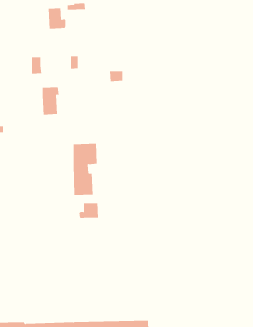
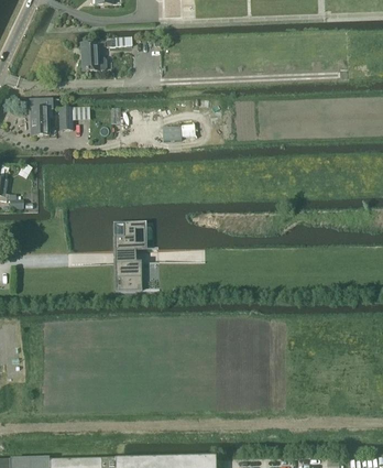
building: [42,87,59,115] -> [30,96,53,133]
building: [79,203,98,219] -> none

